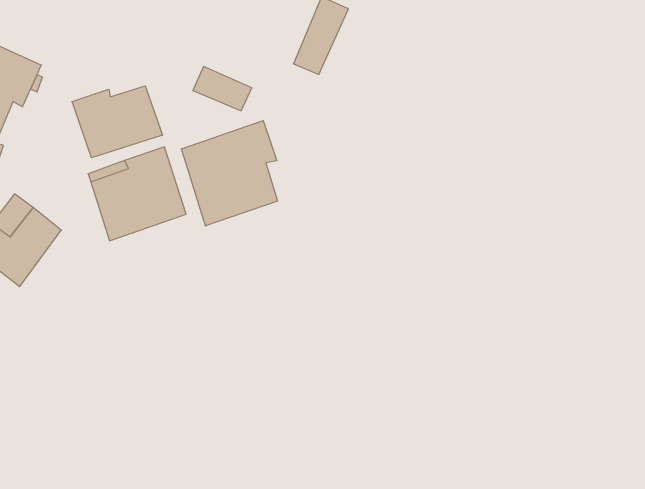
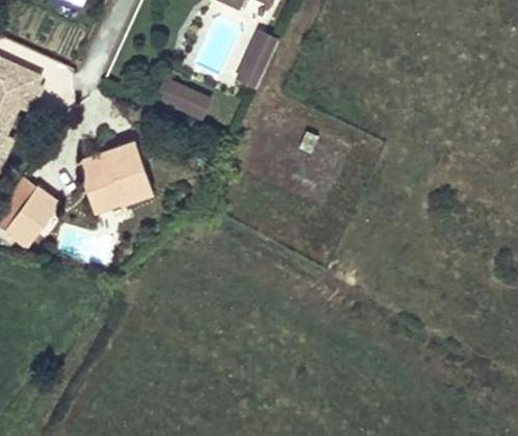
building: [72,86,162,158] -> none
building: [181,121,278,226] -> none

